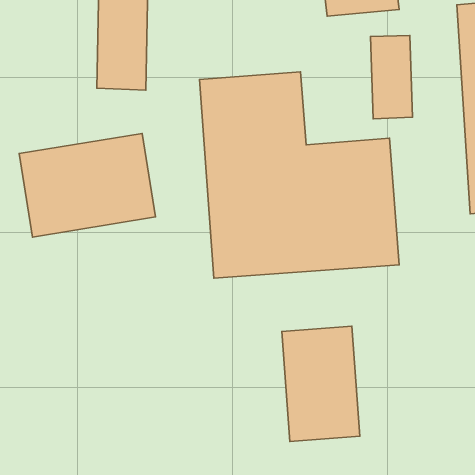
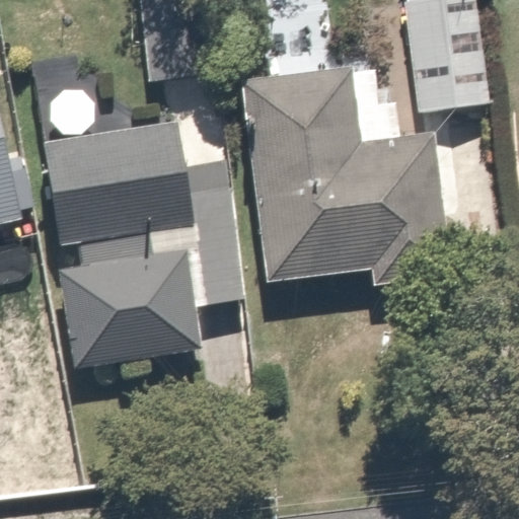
building: none -> [57,275,177,387]
building: [282,326,360,442] -> none

